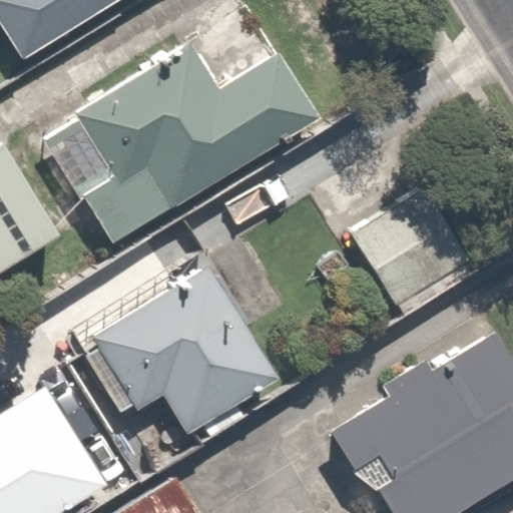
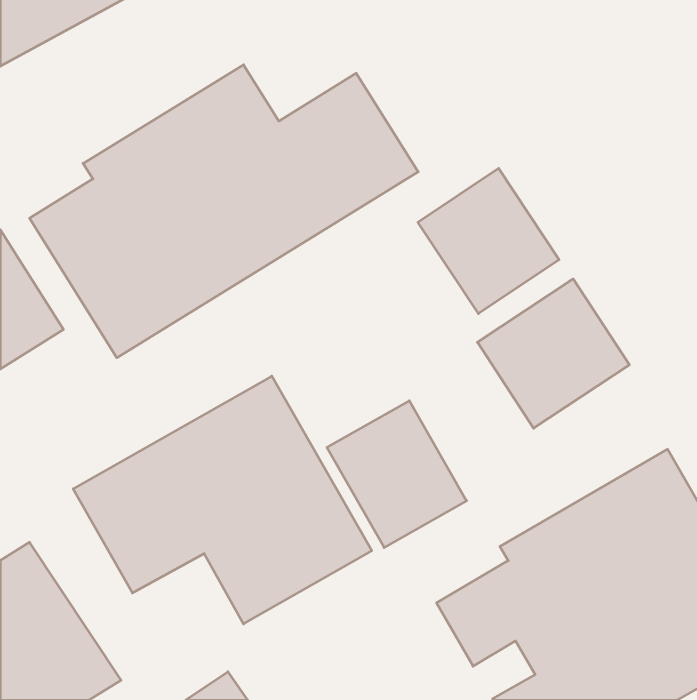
building: none -> [418,168,559,314]
building: none -> [327,401,467,548]

